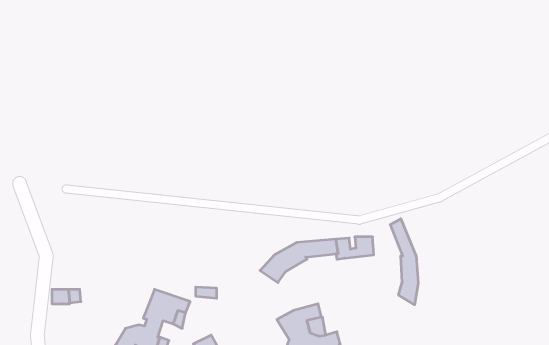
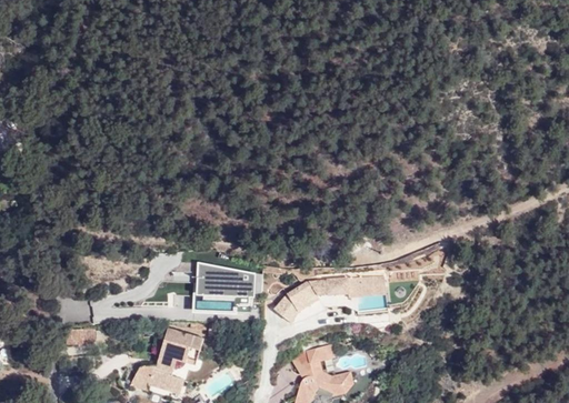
building: [390,219,418,305] -> none
building: none -> [192,262,253,315]

